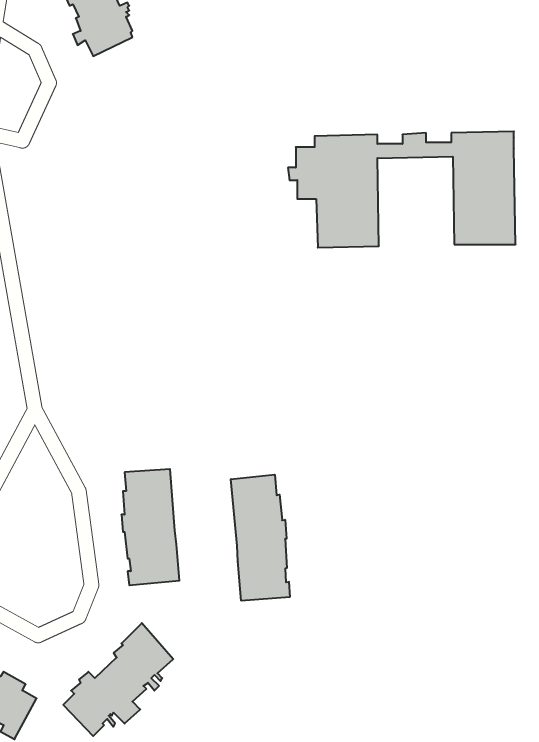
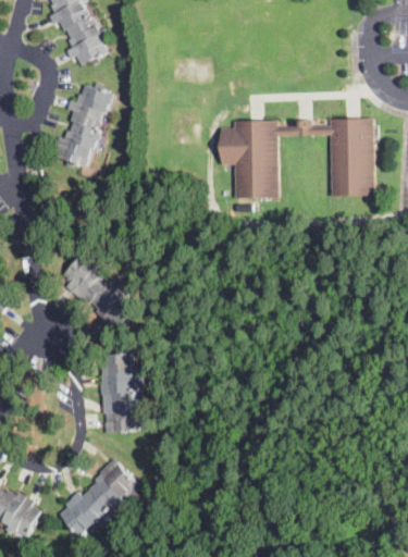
building: none -> [54,85,112,165]
building: none -> [61,253,125,327]
building: [231,475,290,601] -> none

